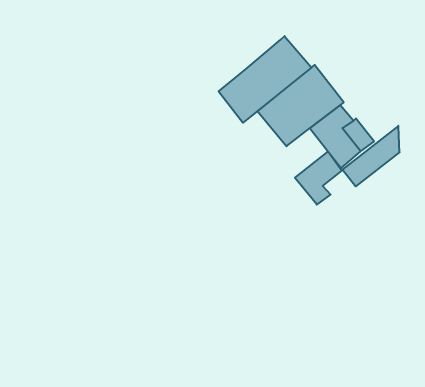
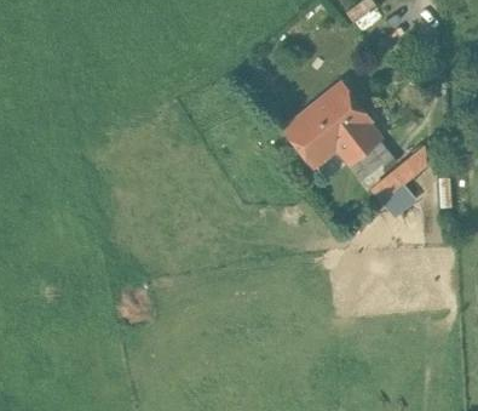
building: [219,36,311,123] -> none
building: [295,152,342,205] -> none

